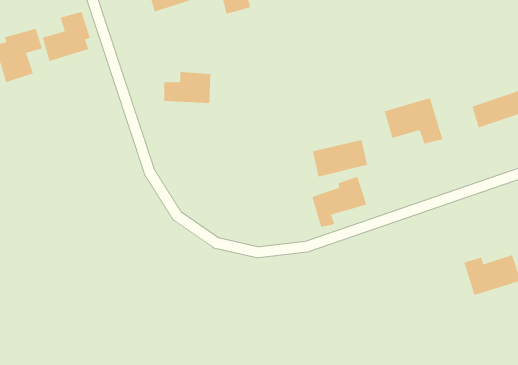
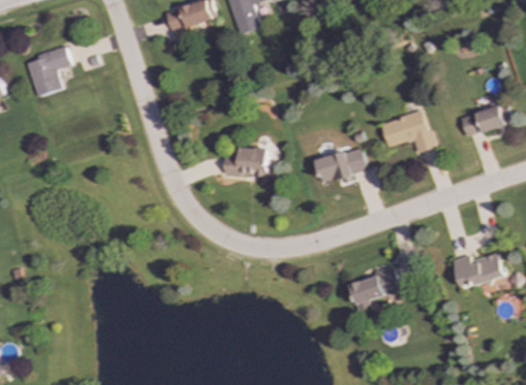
building: [42,11,90,62] -> none
building: [163,71,211,103] -> [223,147,267,175]
building: [311,176,367,228] -> [349,265,400,312]

